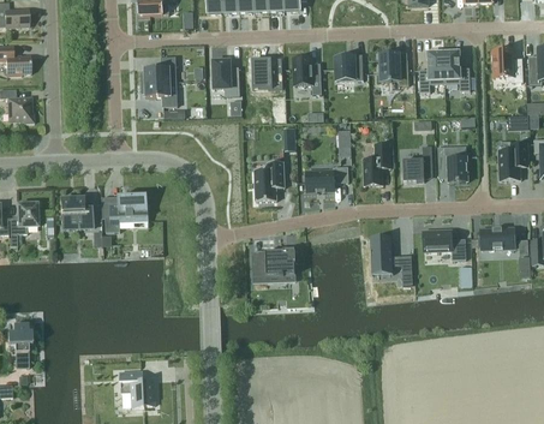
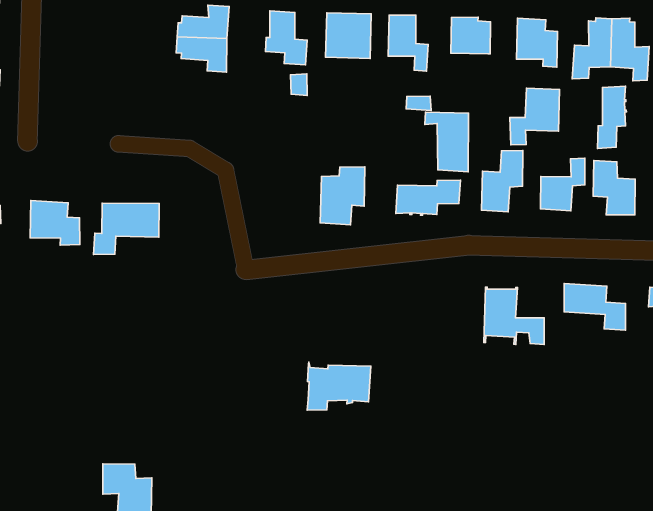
building: none -> [598,86,626,148]
building: none -> [510,88,559,145]
building: [252,250,294,282] -> [307,362,371,410]

